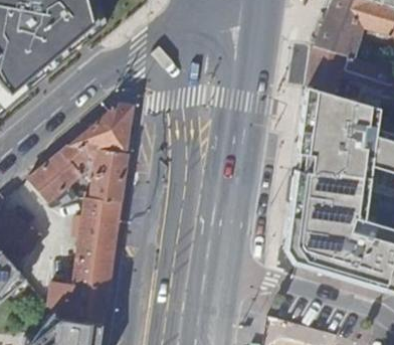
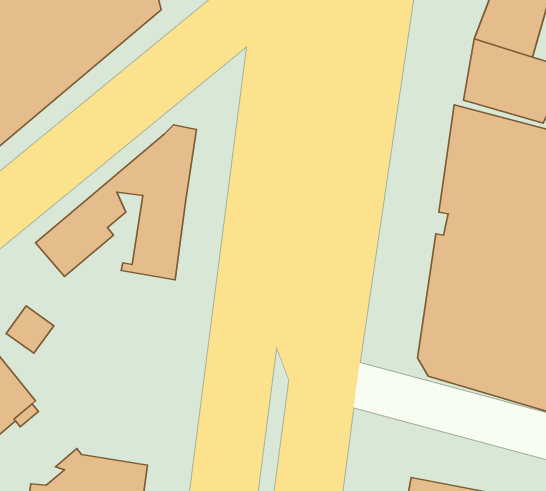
building: [289,42,317,84] -> none
building: [49,196,121,324] -> none

